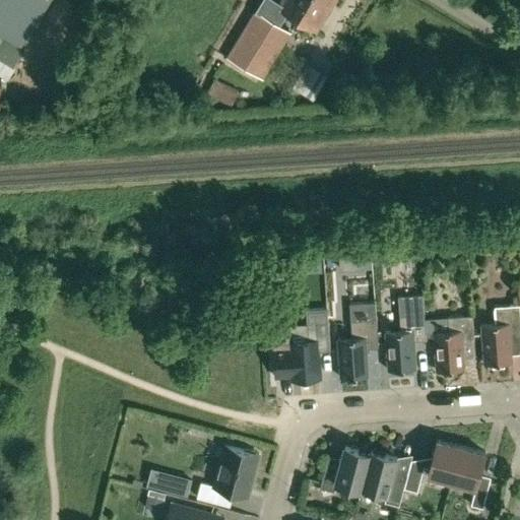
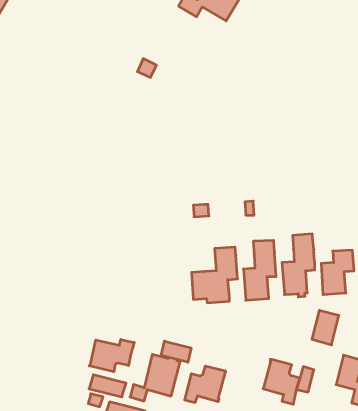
building: [231,14,280,73] -> none
building: none -> [89,339,134,372]
building: none -> [161,341,191,362]
building: [429,441,462,483] -> [312,310,339,345]
building: [321,448,372,493] -> [185,366,226,402]

